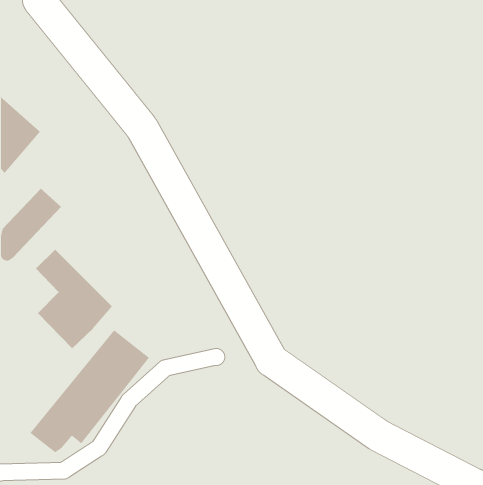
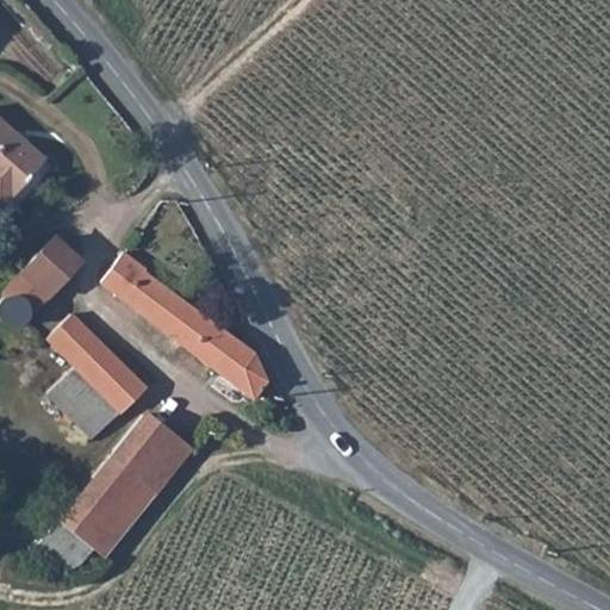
building: none -> [101,251,267,398]

